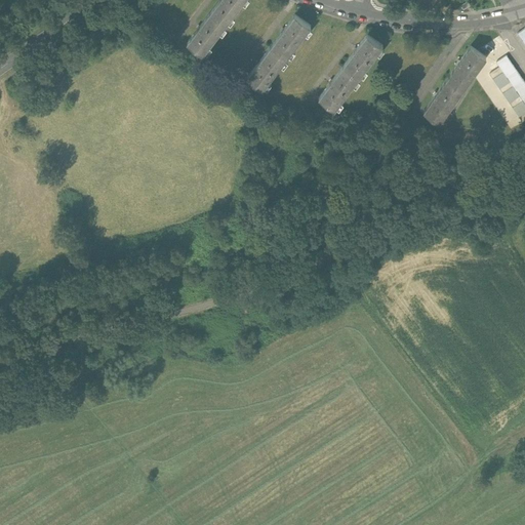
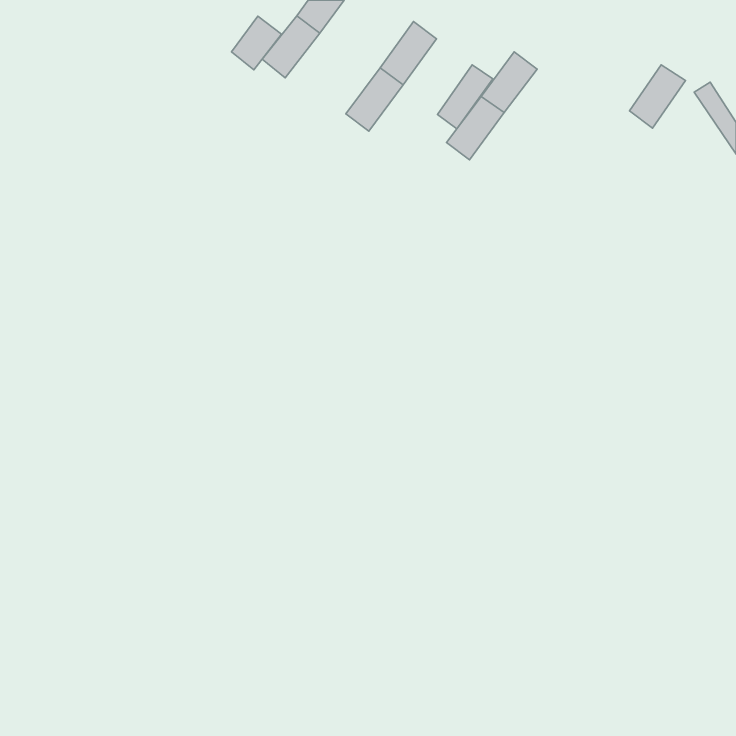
building: none -> [231,16,281,70]
building: none -> [438,65,493,129]
building: [423,79,465,125] -> none

